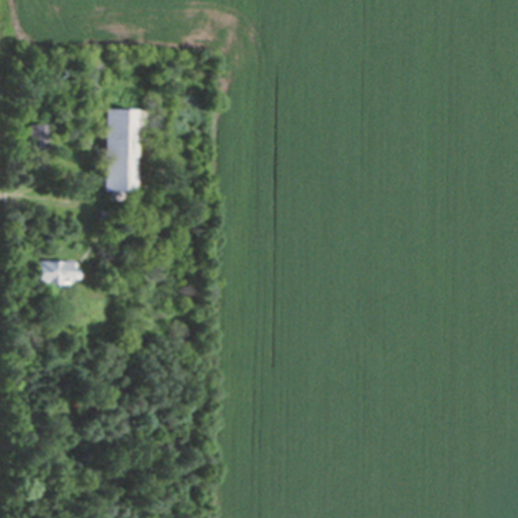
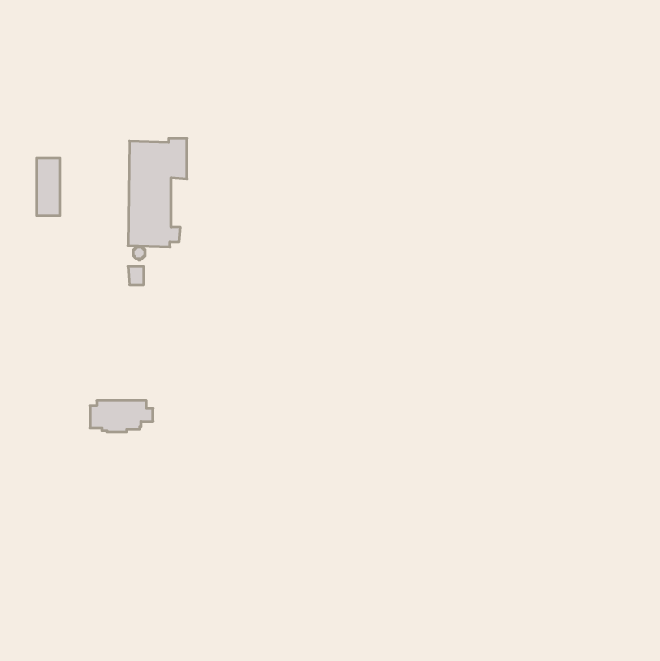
building: [34,261,83,285] -> [90,401,153,432]

